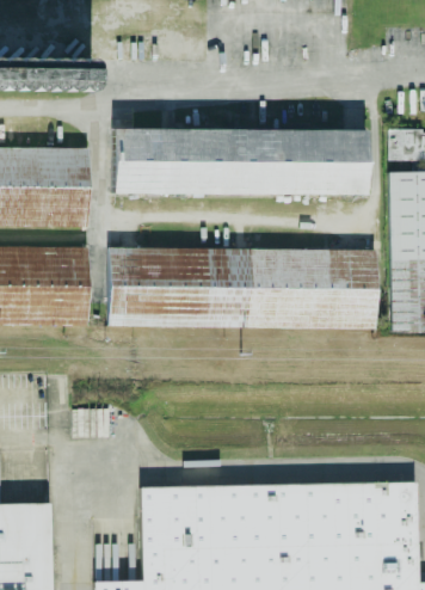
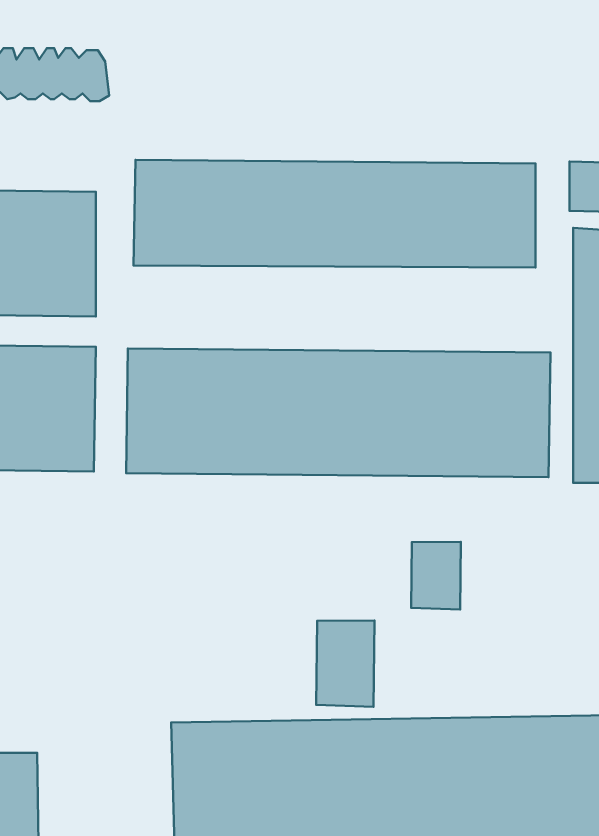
building: none -> [411,542,461,609]
building: none -> [316,620,374,707]

